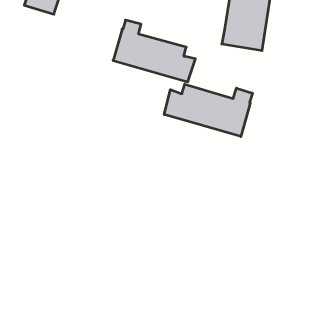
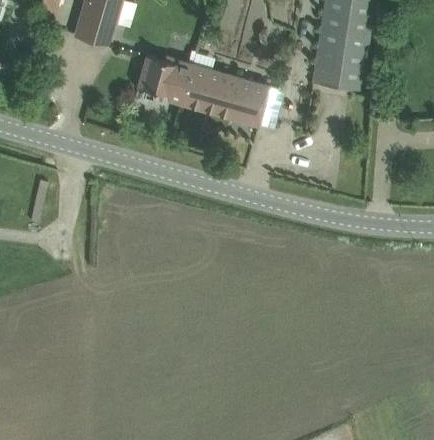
building: none -> [137,58,190,105]
building: [164,84,252,137] -> none

